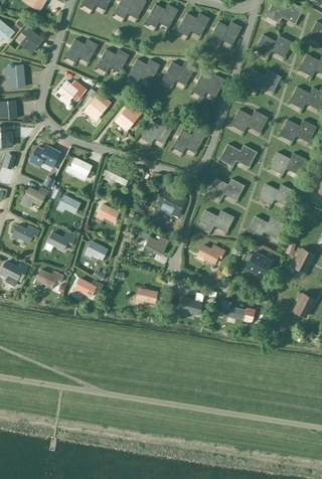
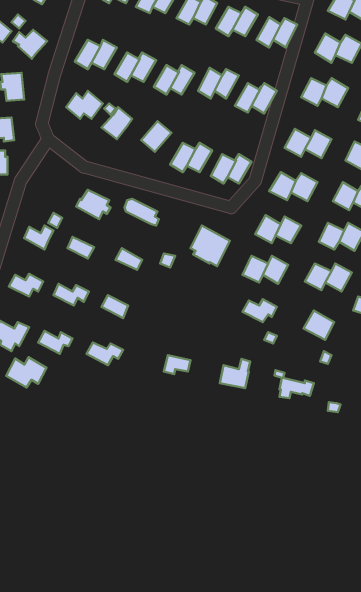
building: [30,145,59,167] -> none
building: [140,231,168,256] -> none
building: none -> [6,357,47,387]

